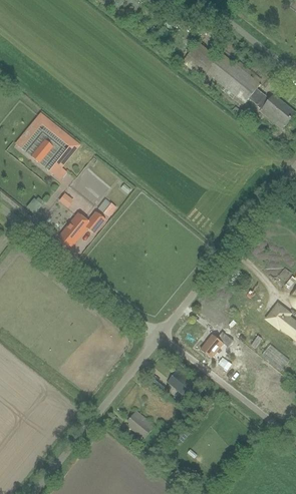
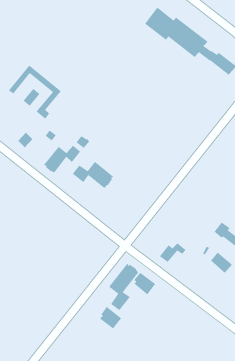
building: none -> [72,161,115,189]
building: none -> [108,262,139,311]

